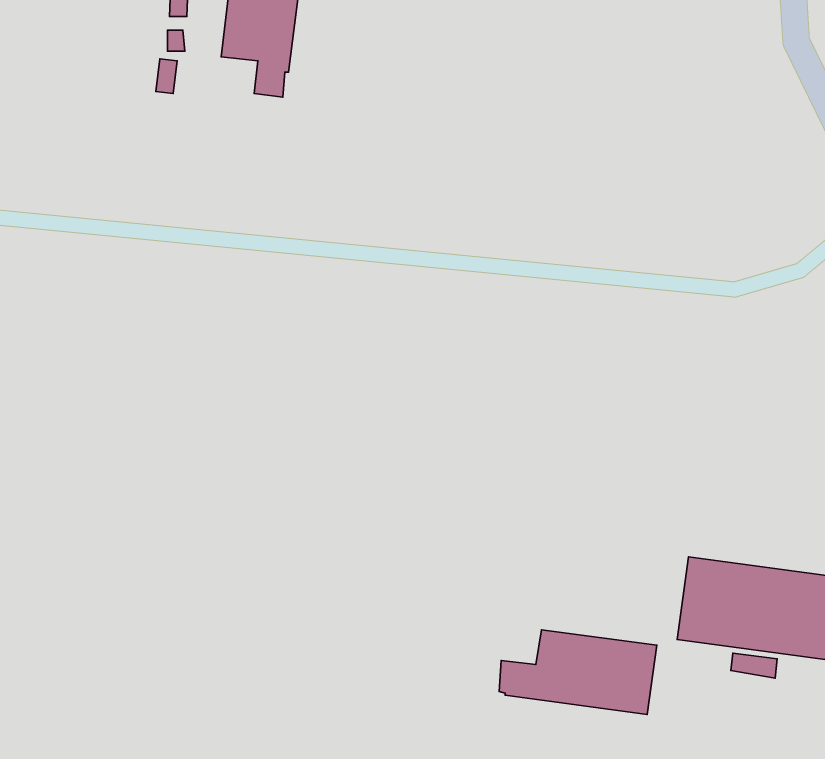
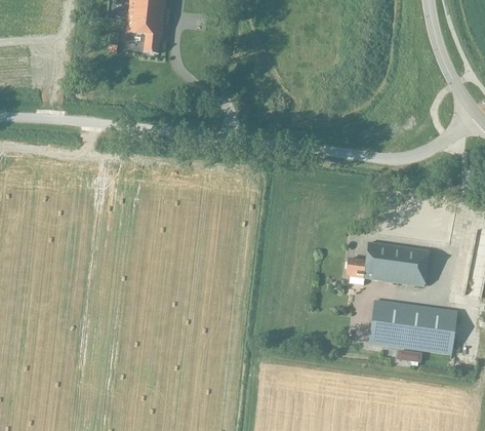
building: [499,630,657,714] -> [348,241,432,286]

